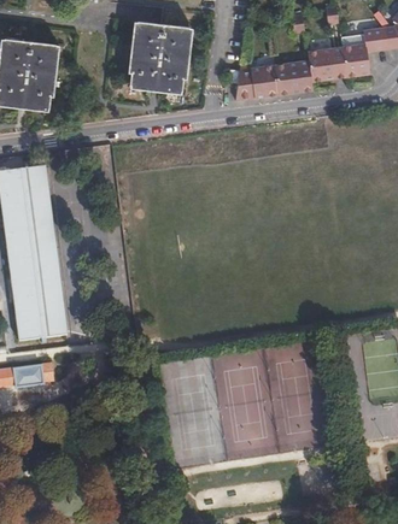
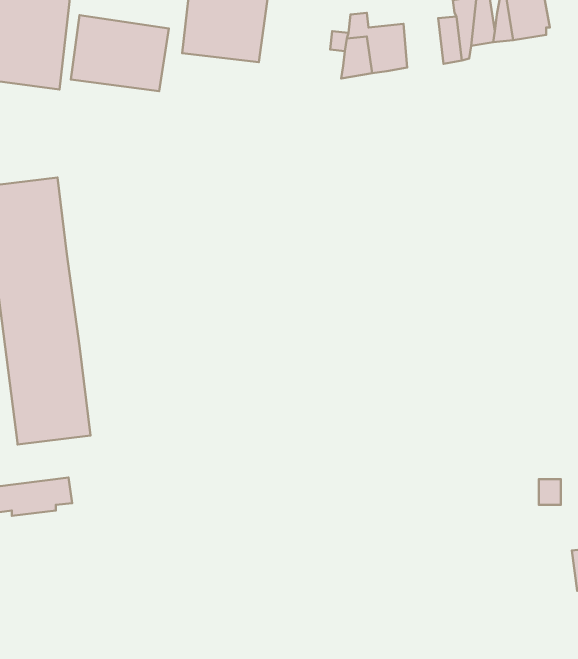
building: none -> [71,15,169,91]
building: [275,61,302,94] -> none

